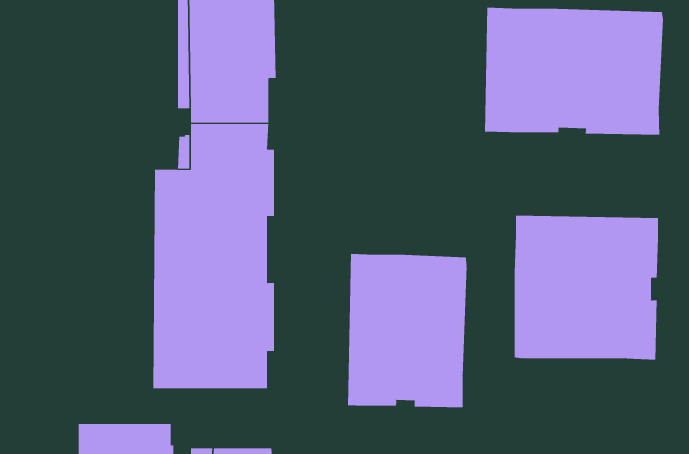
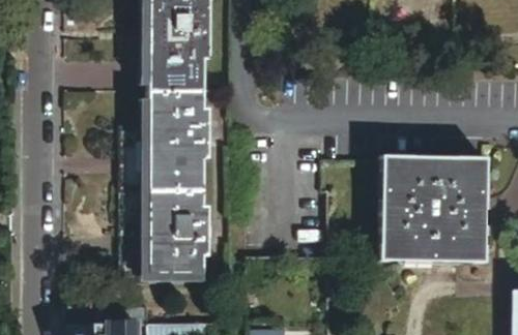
building: [484,7,664,136] -> none
building: [347,253,467,408] -> none

